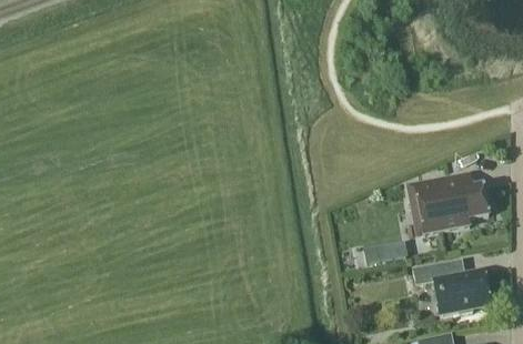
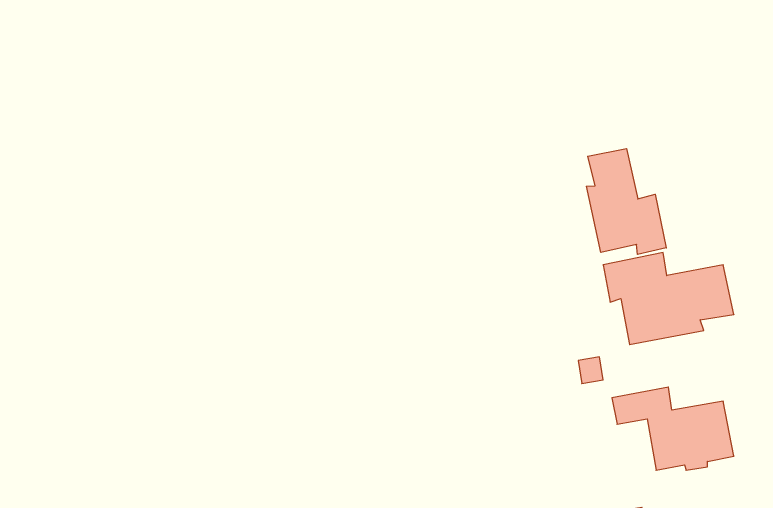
building: none -> [586,149,666,254]

